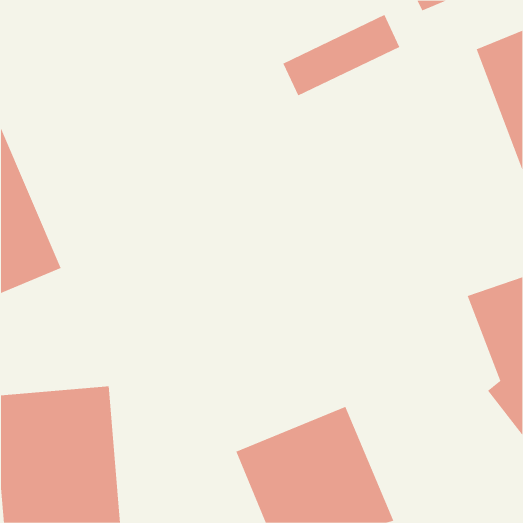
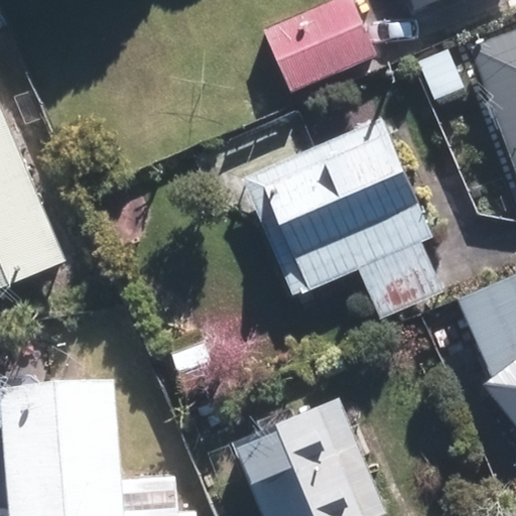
building: none -> [242,121,433,298]

